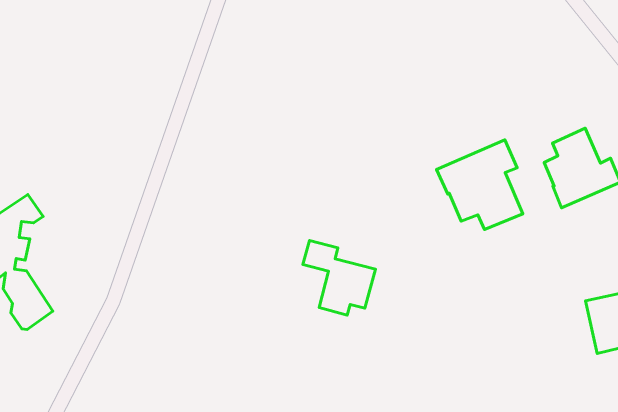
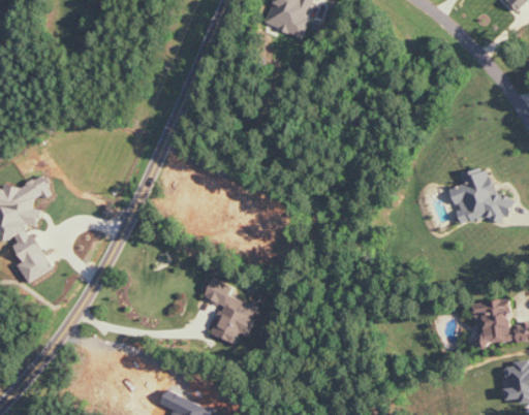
building: [437,140,523,230] -> none
building: [303,240,375,315] -> [201,279,258,341]

